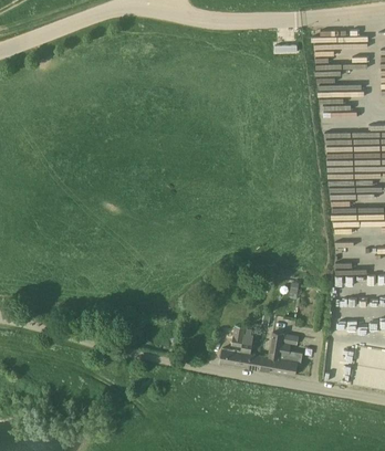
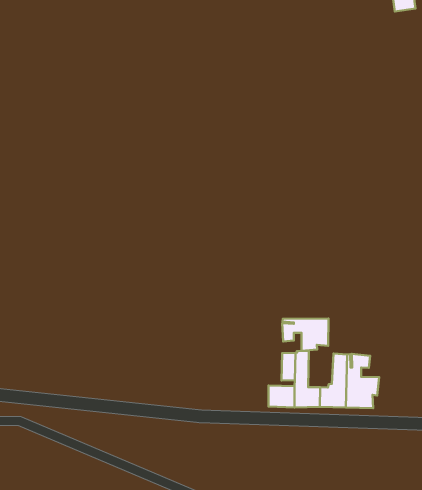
building: none -> [282,319,328,351]

